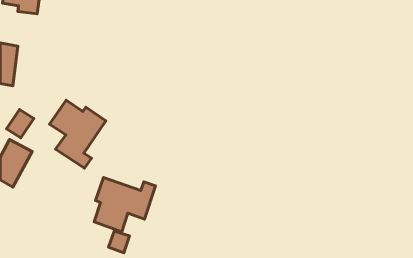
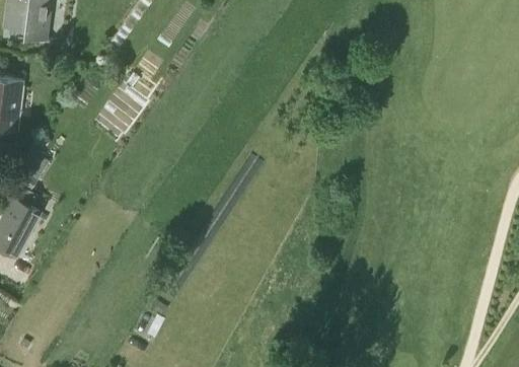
building: [50,100,106,168] -> none
building: [94,177,156,232] -> none

